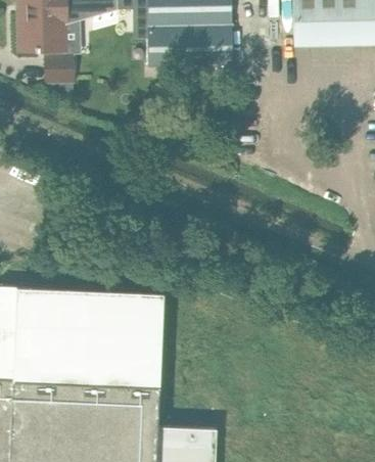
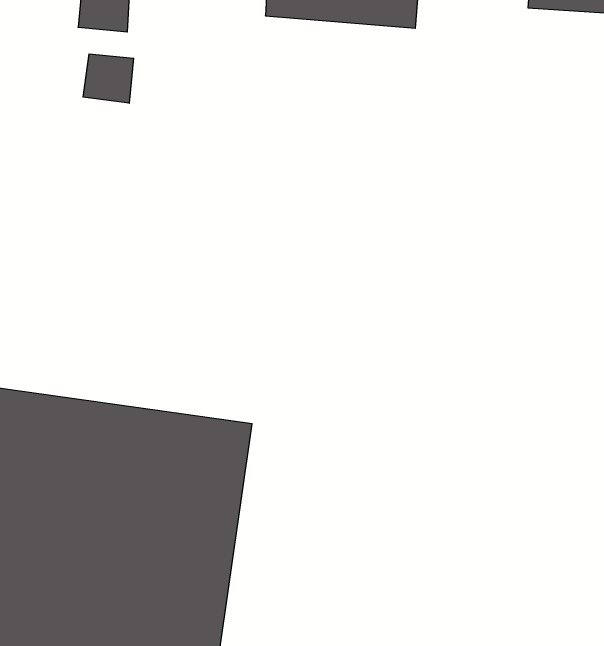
building: none -> [83,54,134,103]

